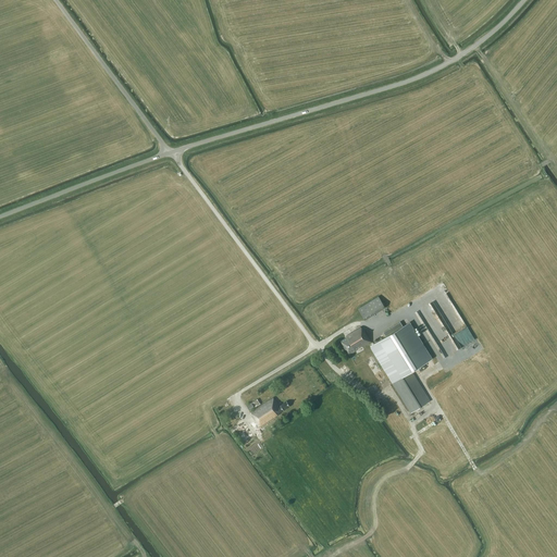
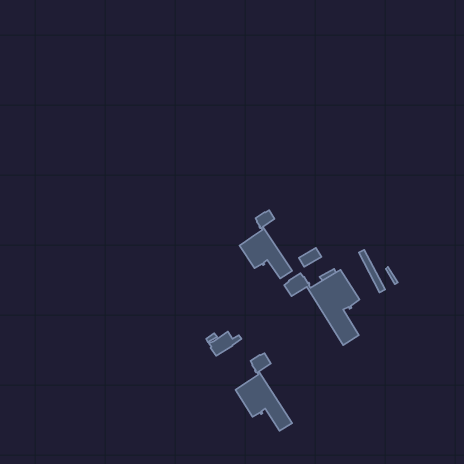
building: none -> [240,210,292,279]
building: none -> [235,353,292,431]

